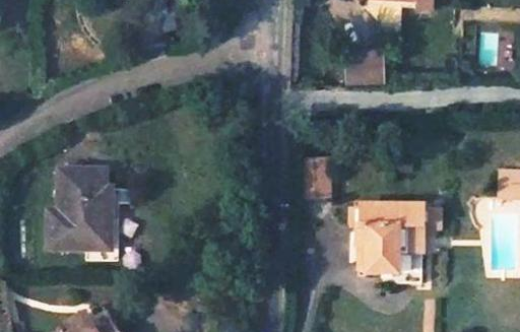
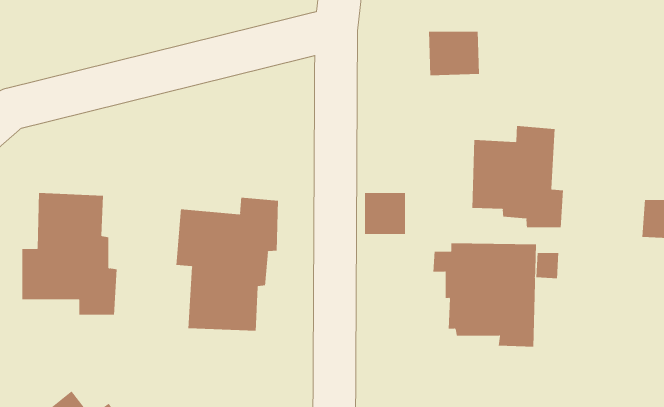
building: none -> [472,125,563,228]
building: none -> [176,197,279,332]

